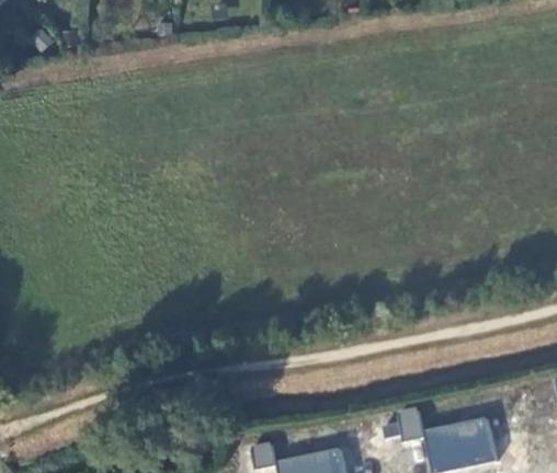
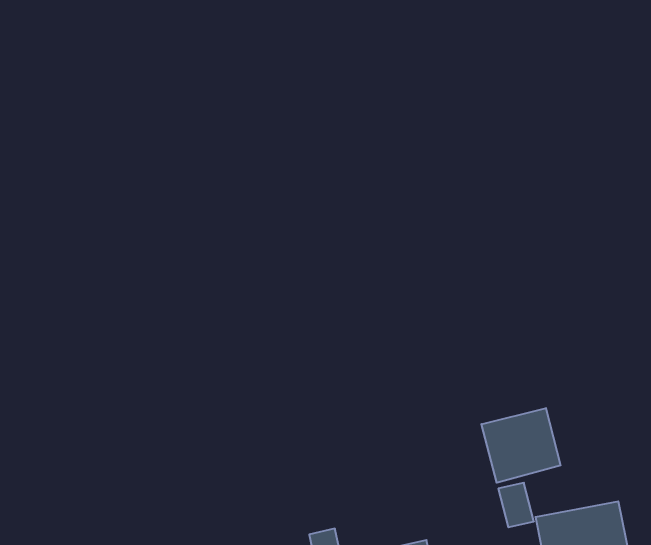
building: none -> [481,408,561,483]

